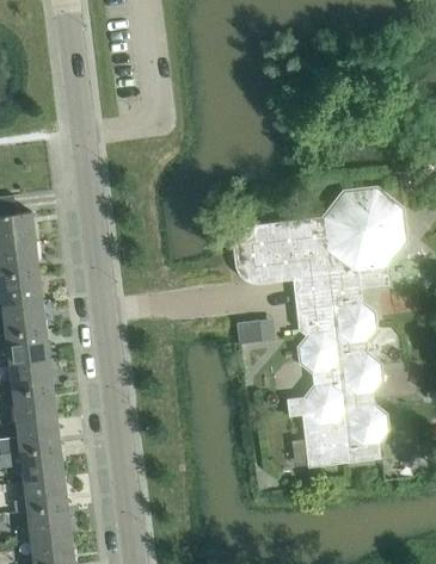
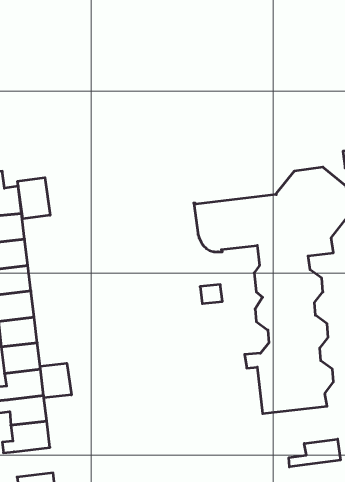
building: none -> [18,178,50,219]
building: none -> [40,363,71,398]
building: none -> [289,439,340,467]
building: [27,506,72,539] -> none

